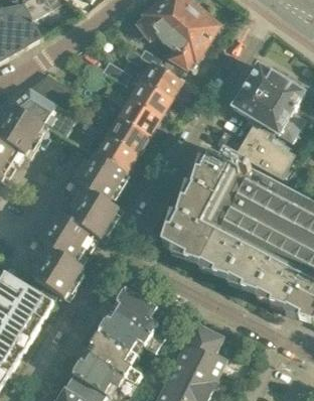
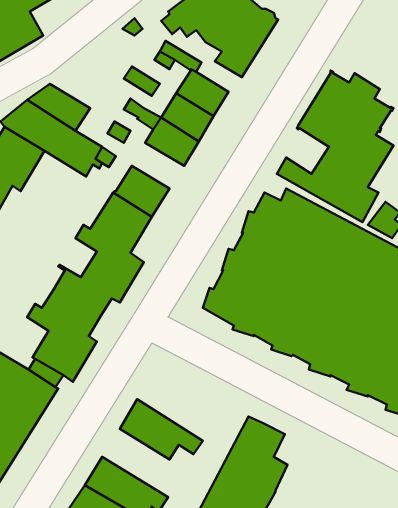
building: [108,118,147,152] -> none
building: [112,289,168,342] -> none
building: [86,332,141,384] -> none

